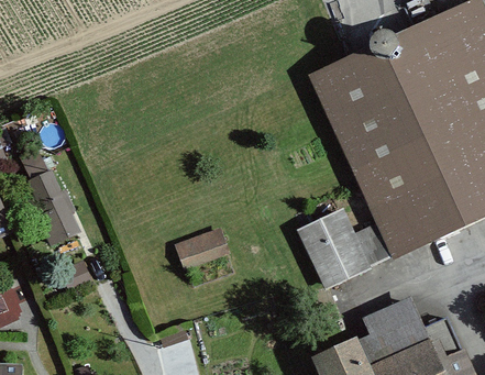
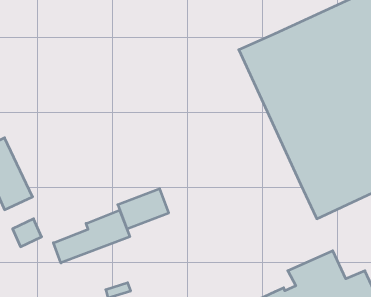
building: [296,208,392,290] -> none
building: none -> [53,210,130,263]

